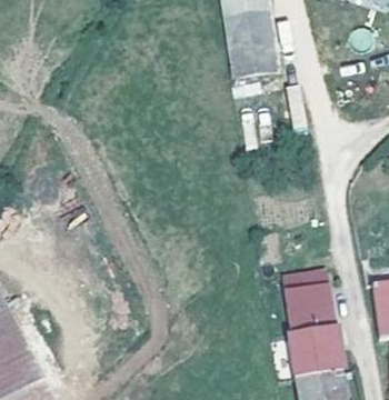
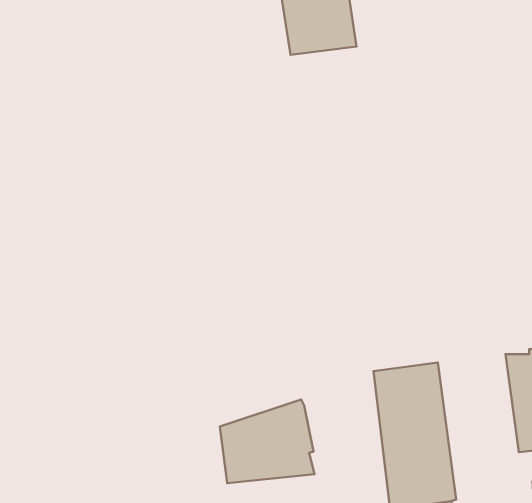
building: none -> [220,400,314,483]

